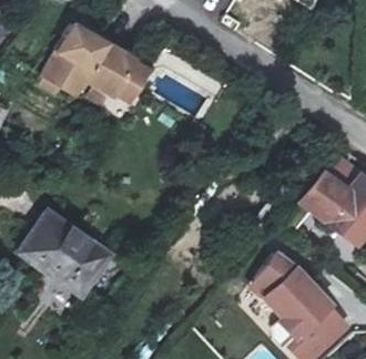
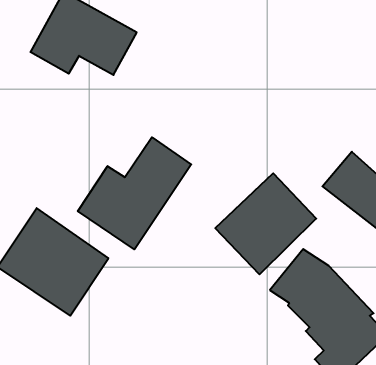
building: none -> [78,137,191,249]
building: none -> [215,173,316,274]

